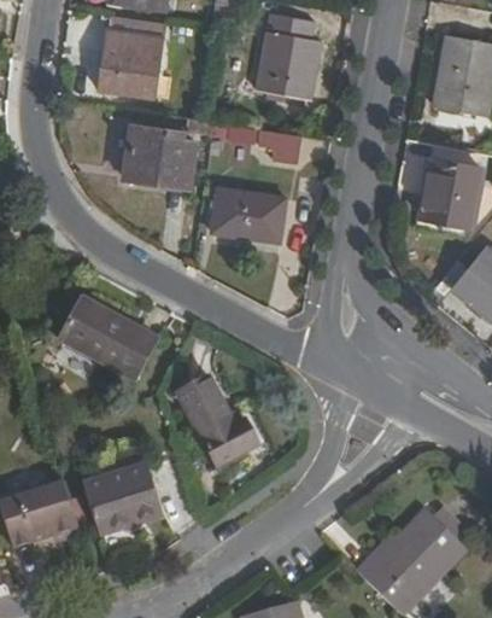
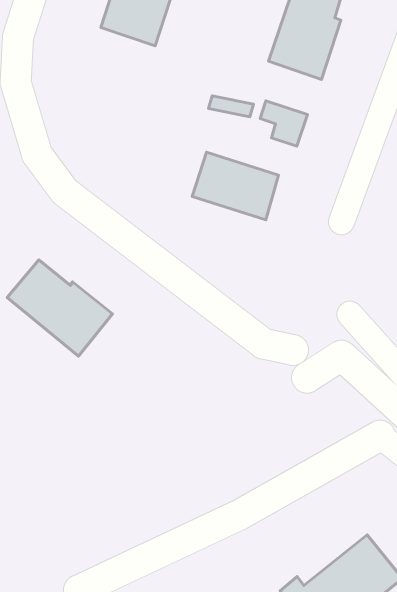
building: [125,119,194,185] -> none
building: [178,375,258,468] -> none
building: [86,470,157,537] -> none

